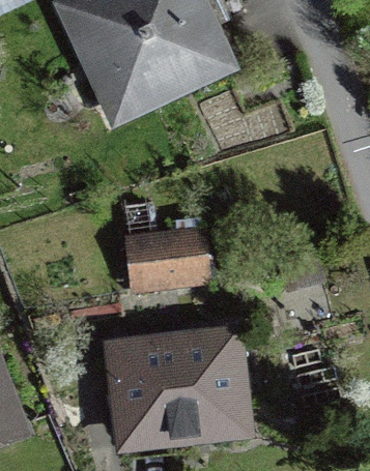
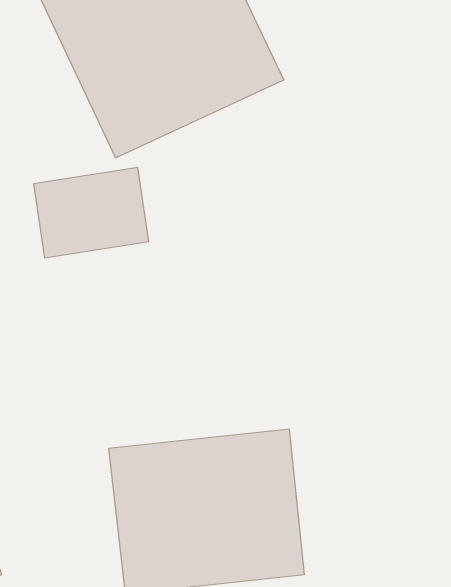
building: [126,227,214,295] -> [34,167,149,258]

